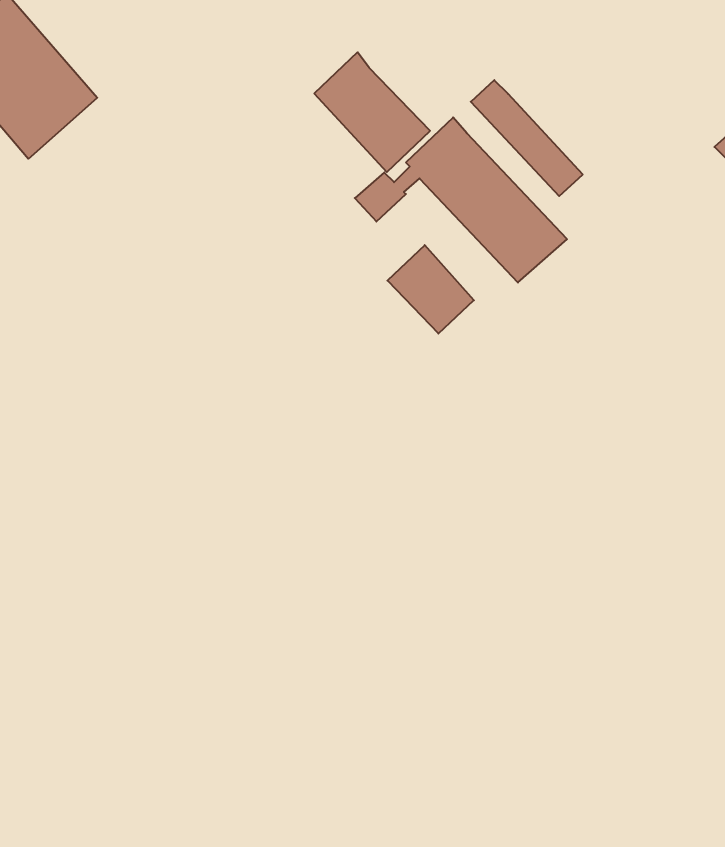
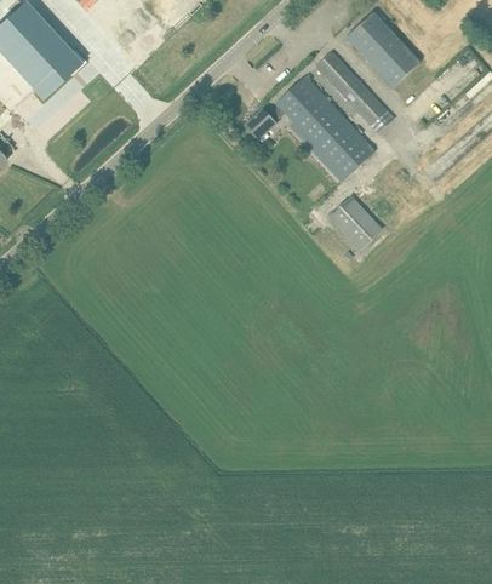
building: [314,52,430,172] -> [347,12,418,86]
building: [387,245,474,334] -> [327,195,381,250]

